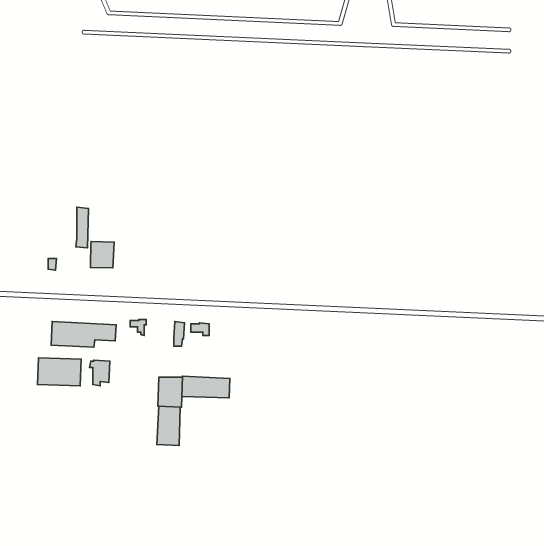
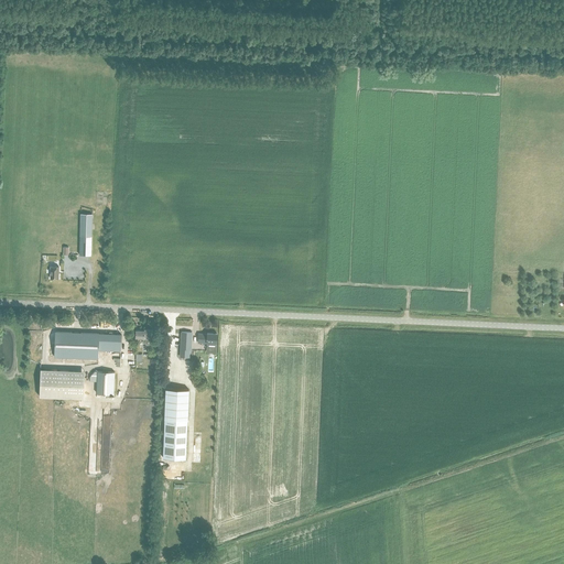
building: [91,241,114,268] -> none
building: [182,376,230,398] -> none

